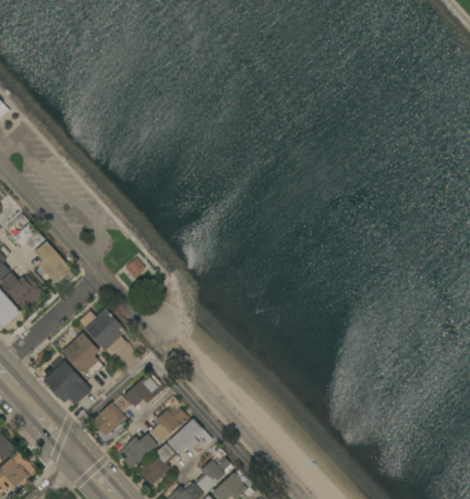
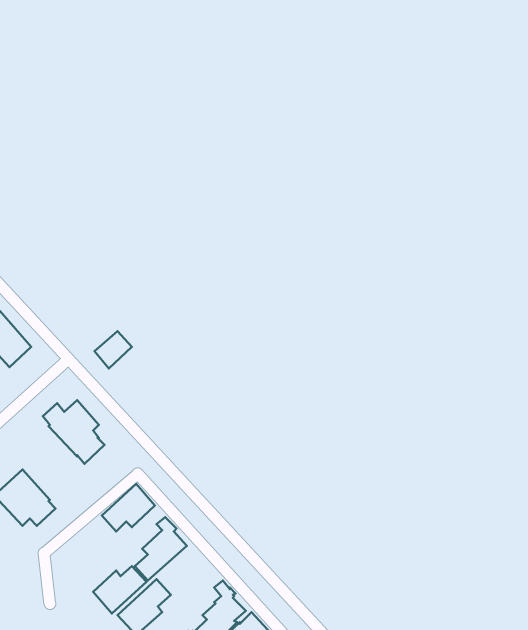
building: [57,330,101,380] -> none
building: [91,395,128,437] -> none
building: [166,418,212,455] -> none

